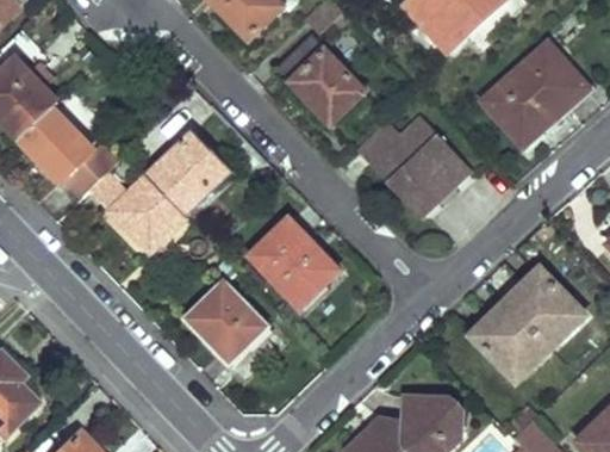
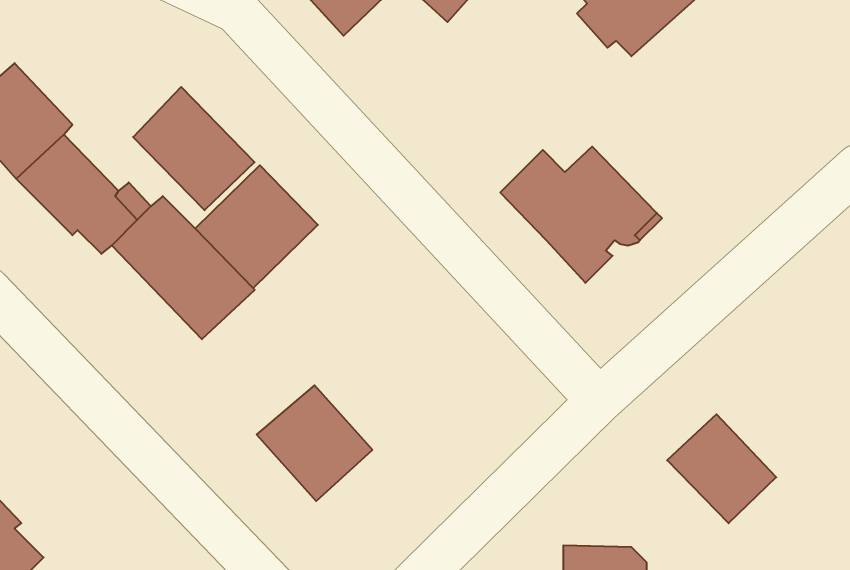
building: [278,33,363,123] -> none
building: [485,45,584,142] -> none
building: none -> [133,87,255,210]
building: [251,219,340,308] -> none
building: [508,271,584,348] -> none

